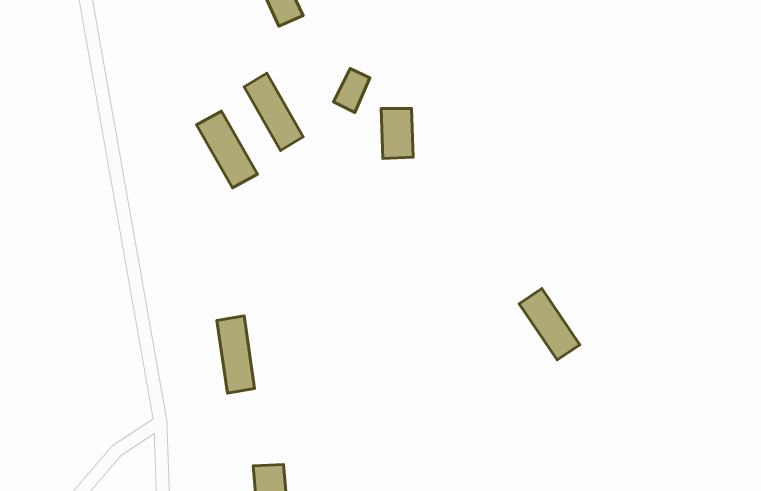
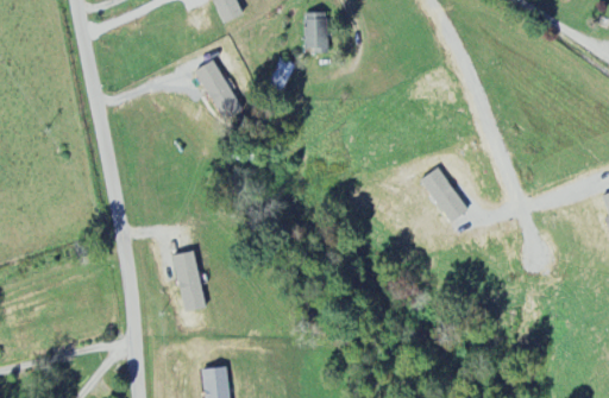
building: [381,109,413,159] -> [303,12,328,51]
building: [196,111,258,188] -> none
building: [519,289,580,360] -> [420,166,467,222]

